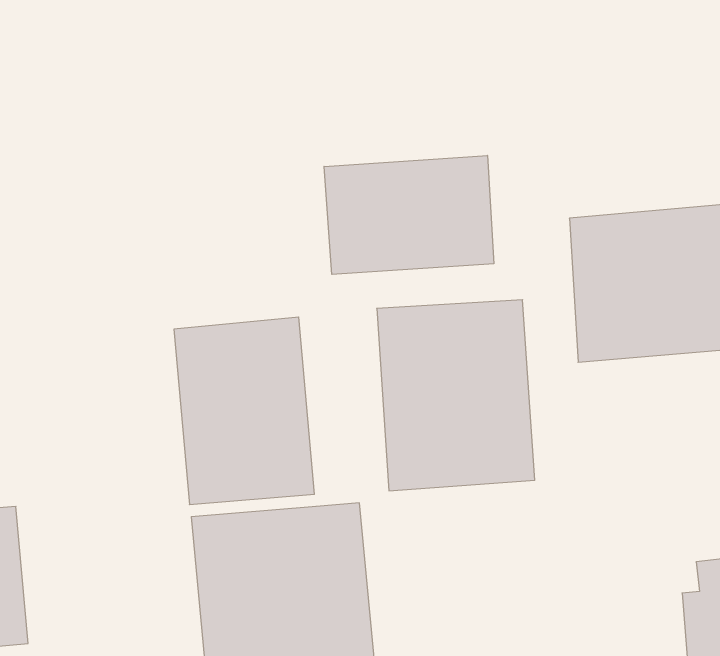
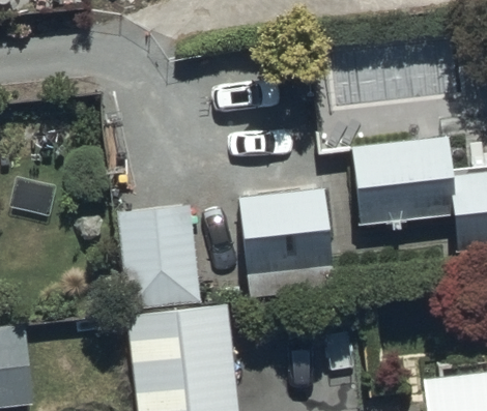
building: [324,155,494,274] -> none

